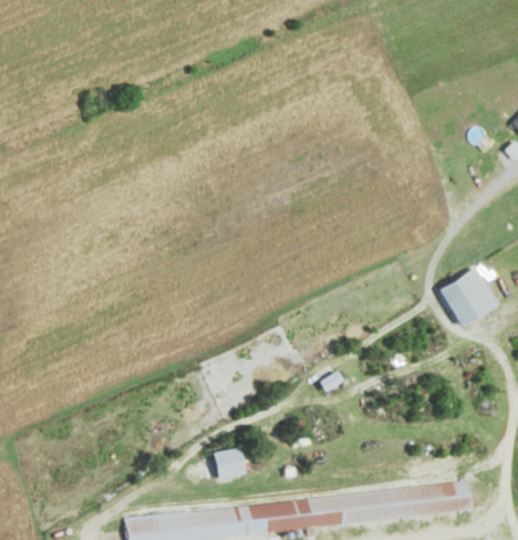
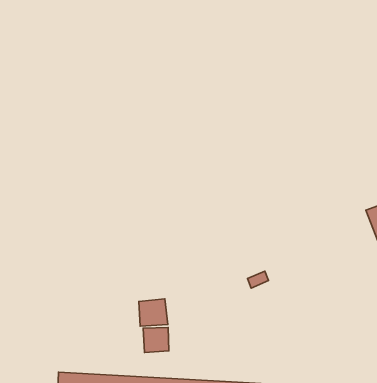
building: none -> [139,299,168,326]

